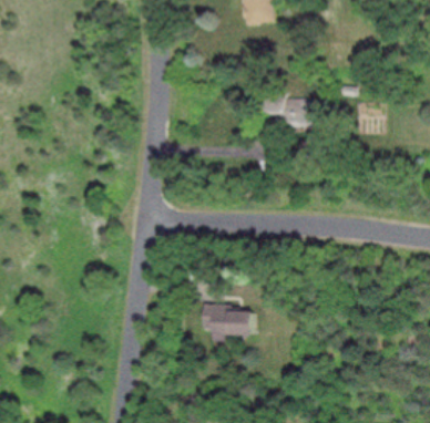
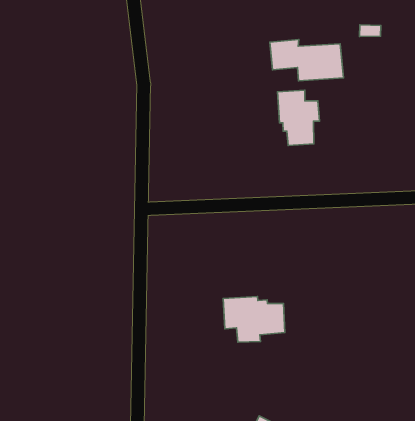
building: none -> [278,90,319,146]

